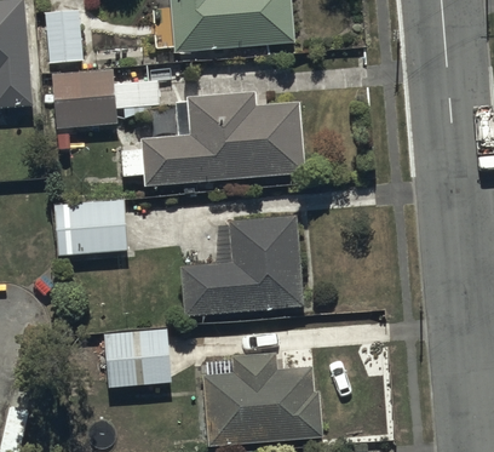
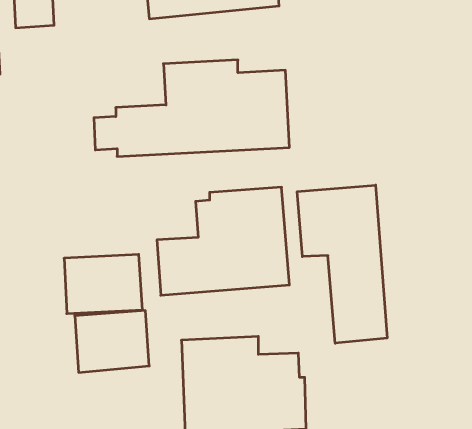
building: [51,69,159,130] -> none
building: [53,199,127,254] -> [64,254,143,314]
building: none -> [297,185,387,343]

